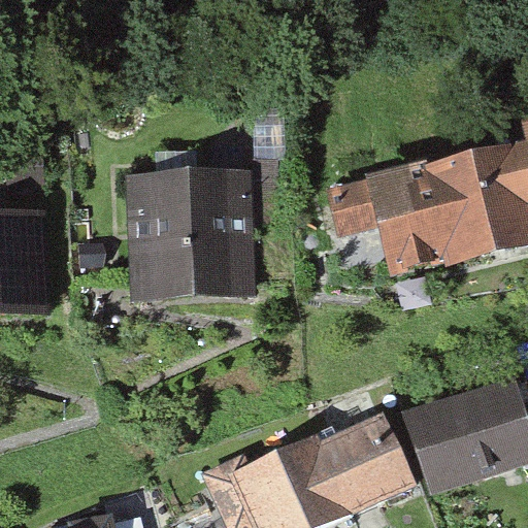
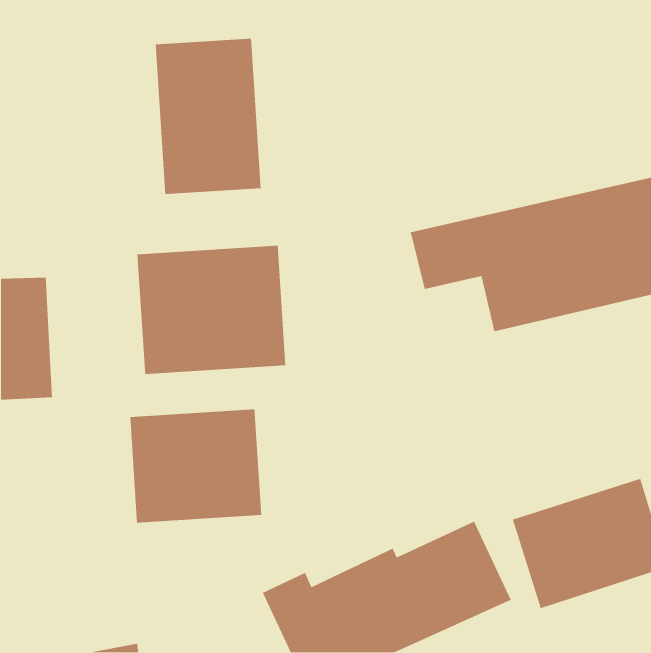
building: none -> [155,38,262,195]
building: none -> [129,409,262,523]

